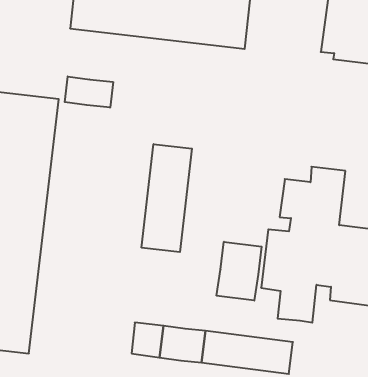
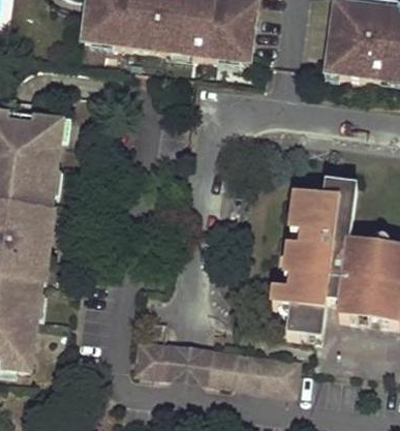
building: [65,76,113,108] -> none
building: [142,144,192,252] -> none
building: [217,242,262,301] -> none

